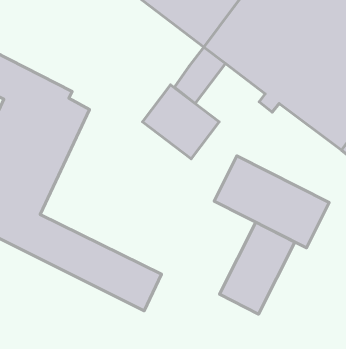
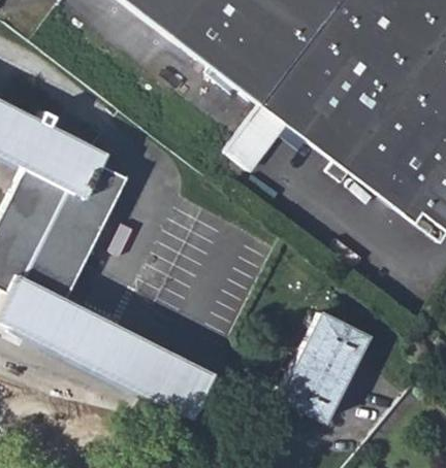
building: [143,85,219,159] -> none
building: [214,156,329,248] -> none

